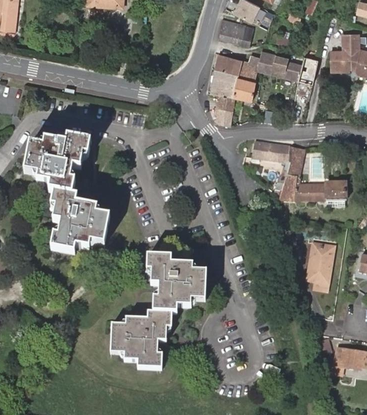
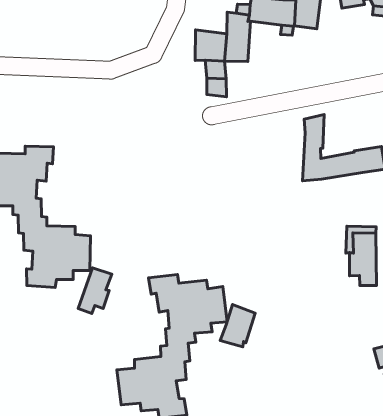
building: [215,53,242,76] -> none
building: [251,142,290,163] -> none
building: none -> [78,268,112,313]
building: none -> [220,304,255,347]

